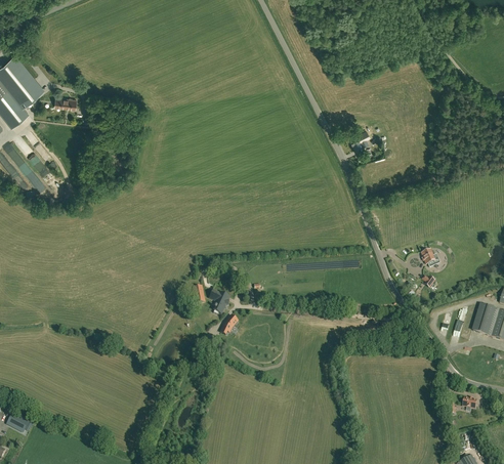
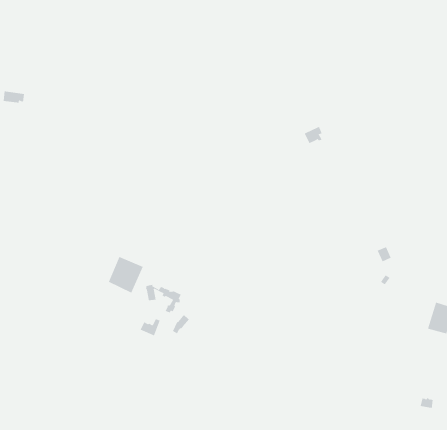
building: none -> [108,256,143,293]

